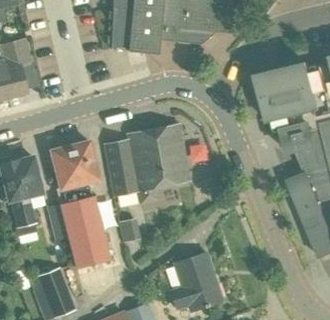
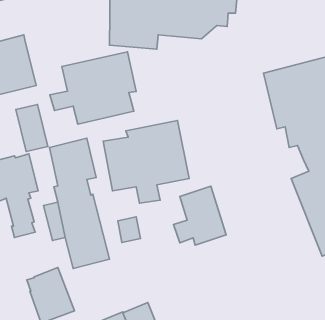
building: none -> [50,52,136,124]
building: none -> [16,105,48,152]
building: [170,253,221,310] -> [174,186,226,245]

